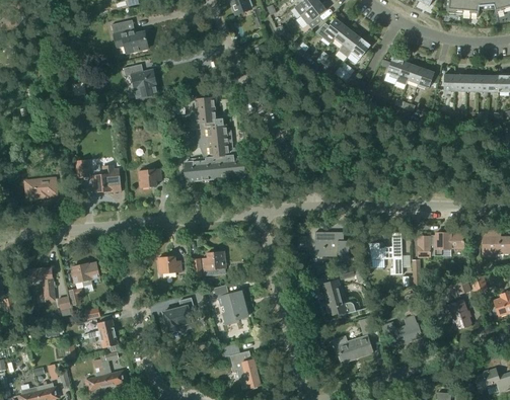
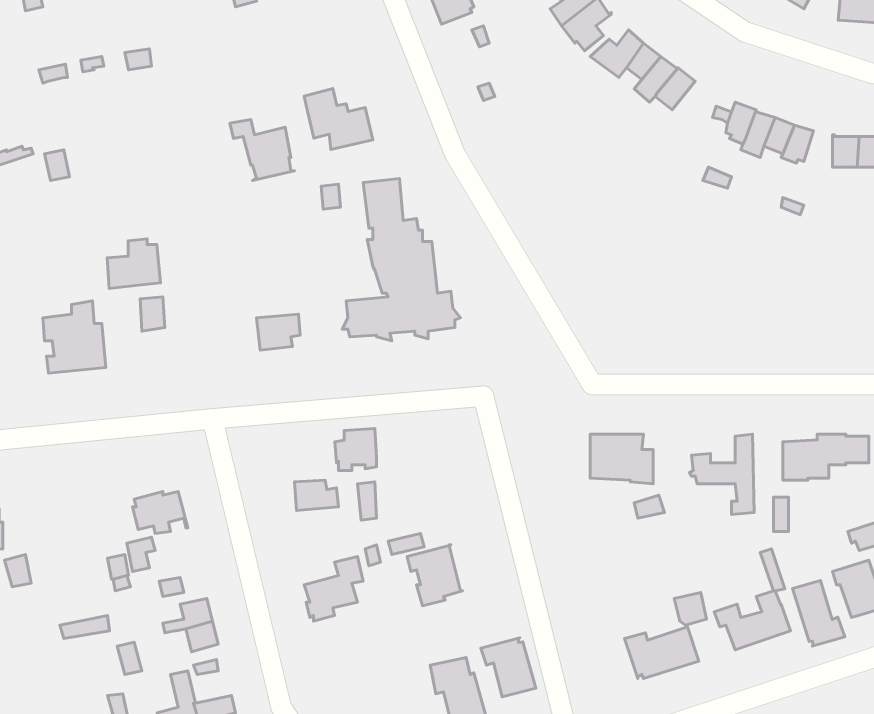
building: [112,20,148,53] -> [304,88,373,150]
building: [92,165,121,191] -> [107,239,161,288]
building: [203,251,225,273] -> [335,429,377,471]
building: [28,266,54,300] -> none
building: [322,279,356,315] -> none
building: none -> [792,580,845,646]
building: none -> [481,638,536,697]

